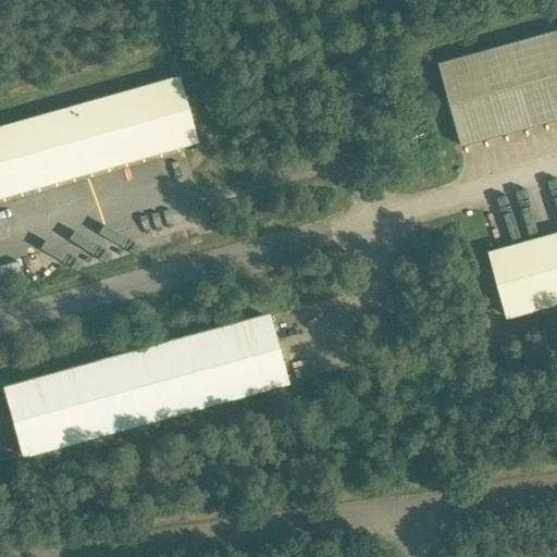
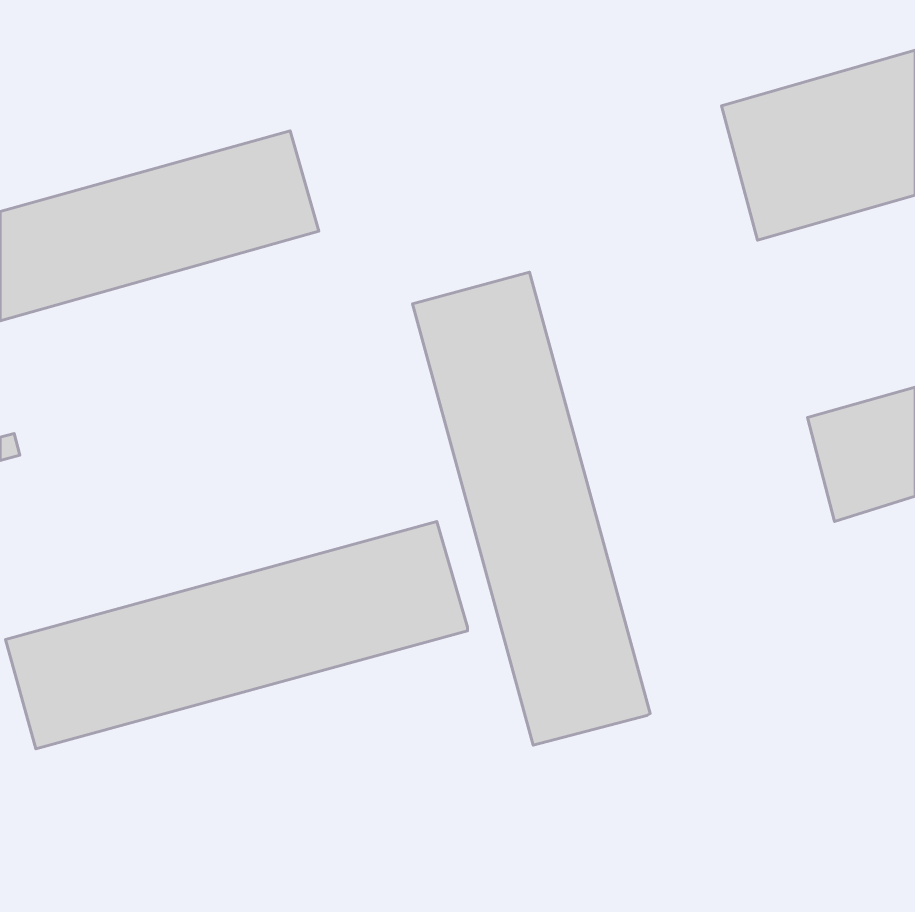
building: none -> [412,272,650,745]

